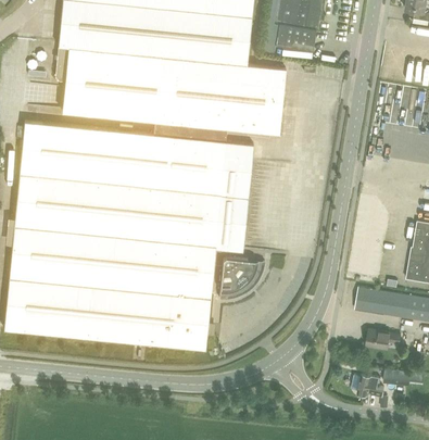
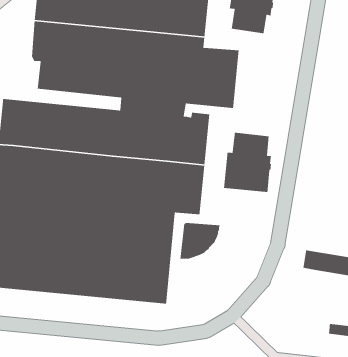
building: none -> [223,132,272,193]
building: [366,329,400,350] -> none
building: [351,375,384,397] -> none

